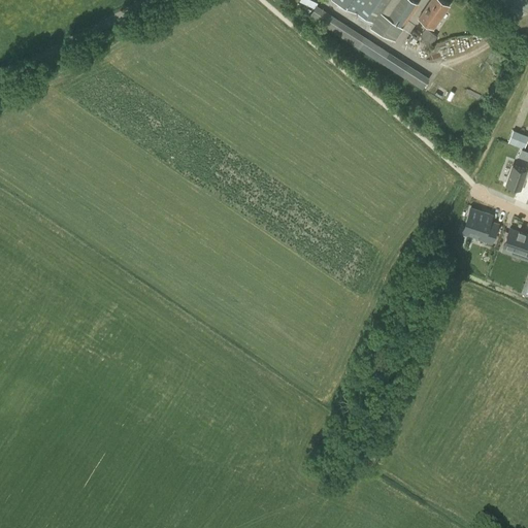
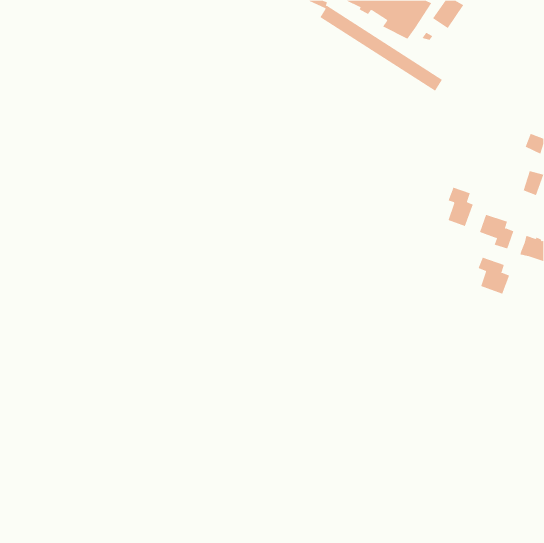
building: none -> [448,187,474,227]
building: none -> [478,257,510,294]

